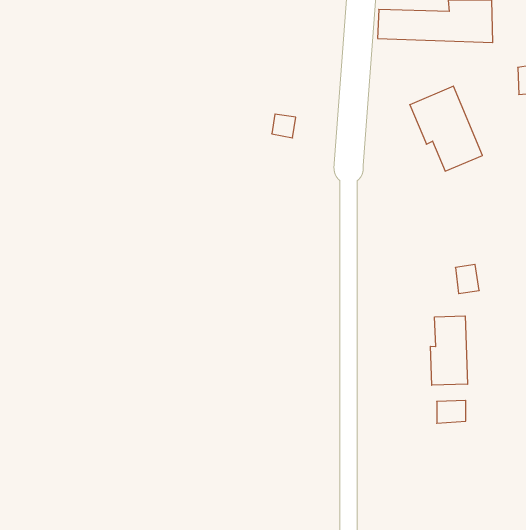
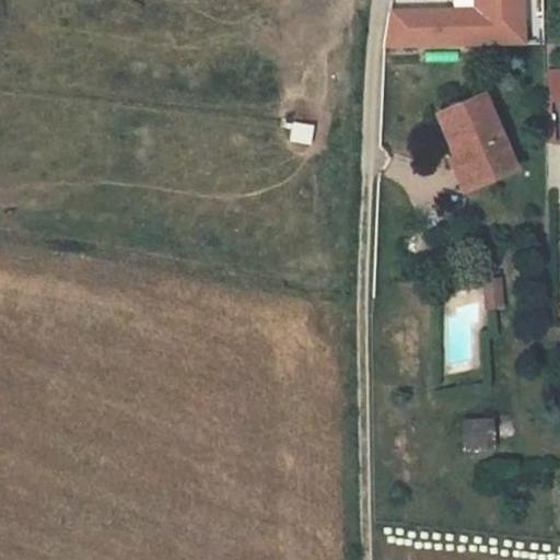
building: [430,316,468,385] -> none

